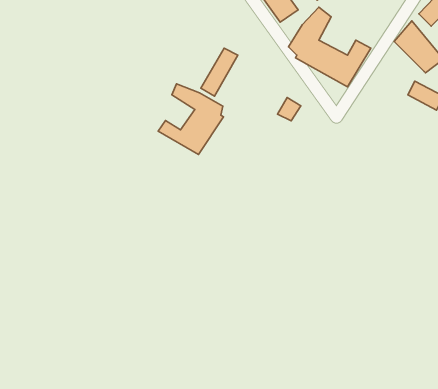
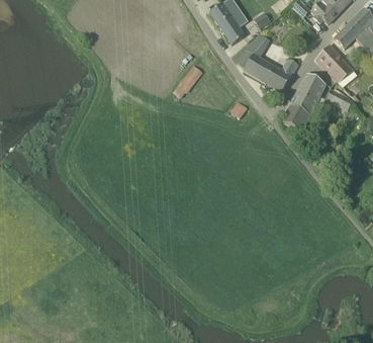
building: none -> [281,73,325,133]
building: [158,84,224,155] -> none

